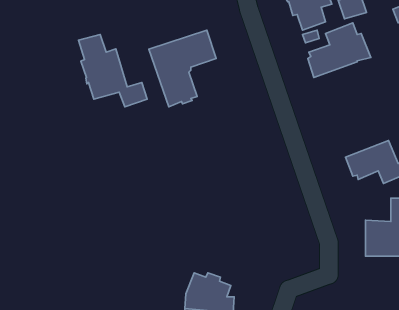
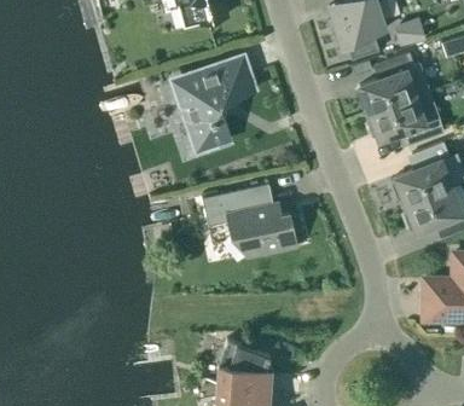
building: [78,35,147,107] -> none
building: none -> [365,97,443,146]
building: none -> [393,141,453,207]
building: none -> [202,184,296,257]

